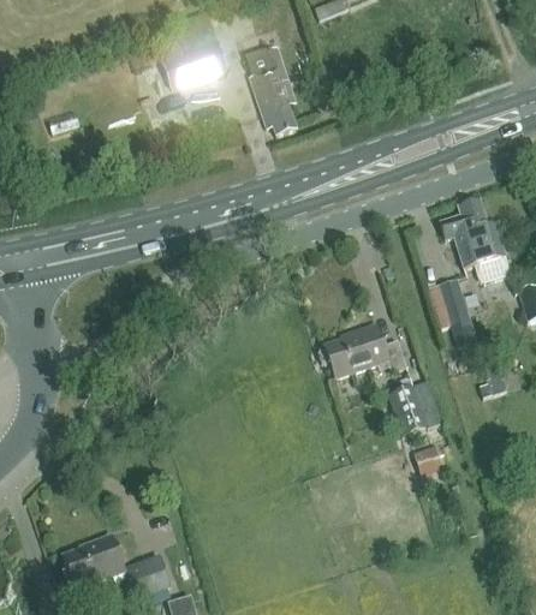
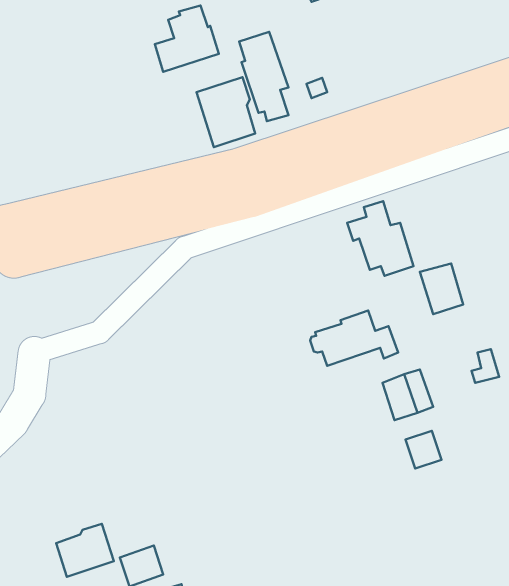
building: none -> [196,77,255,147]
building: [442,199,508,274] -> [347,201,413,276]

